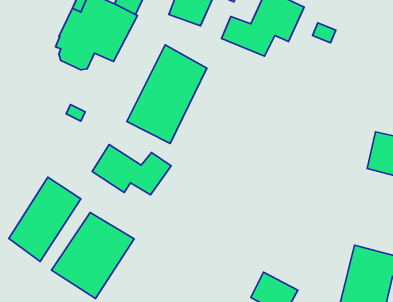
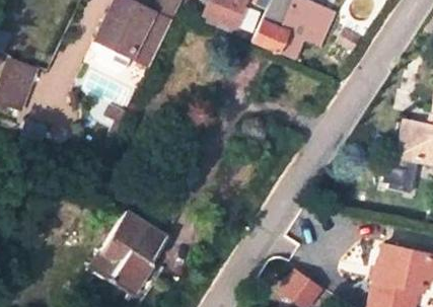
building: [127,45,207,143] -> none
building: [92,144,171,195] -> none
building: [9,177,81,261] -> none

